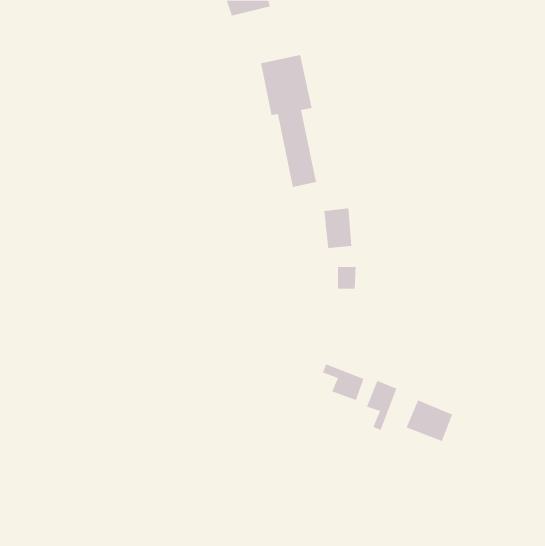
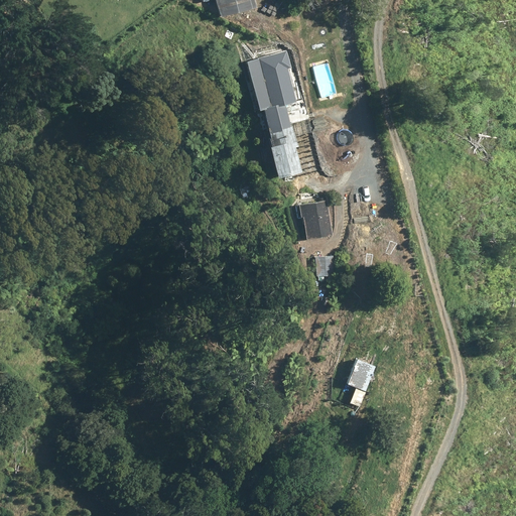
building: [322,364,364,401] -> none
building: [406,399,453,442] -> none

